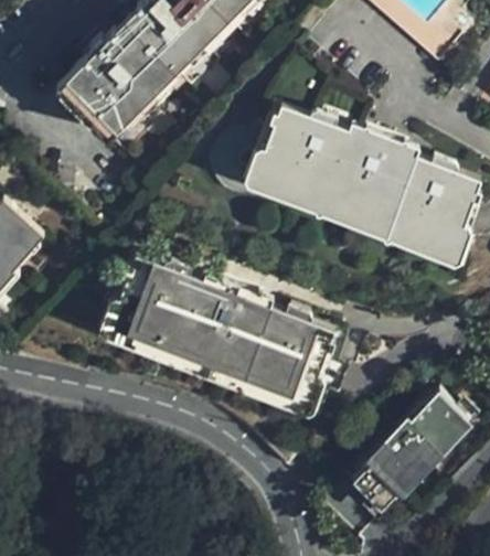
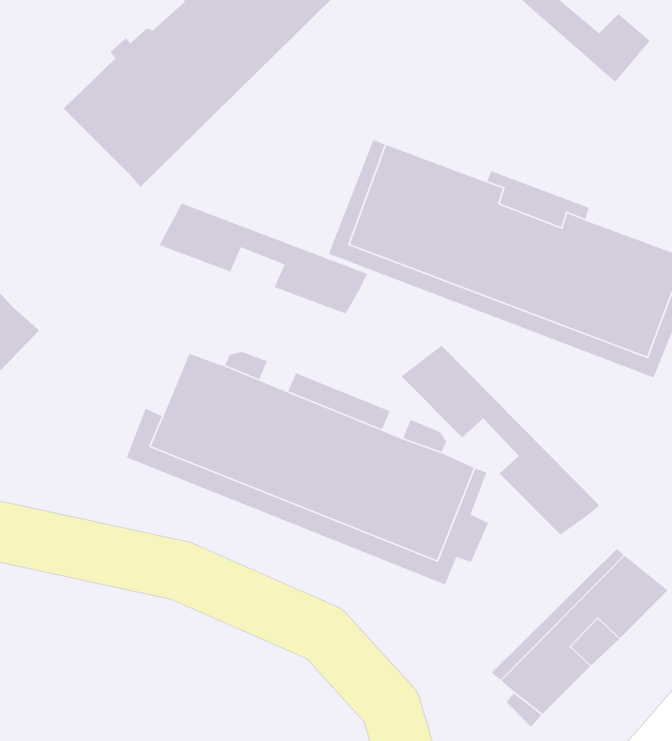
building: none -> [158,203,368,314]
building: none -> [400,345,600,535]

